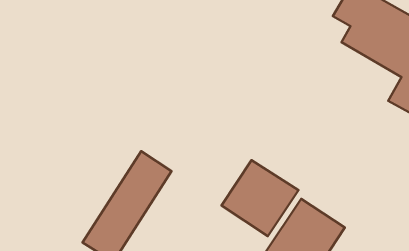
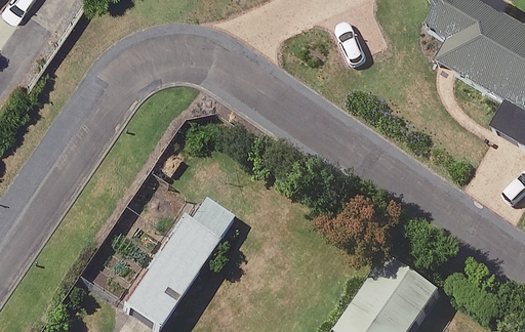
building: [222,160,299,236] -> none

